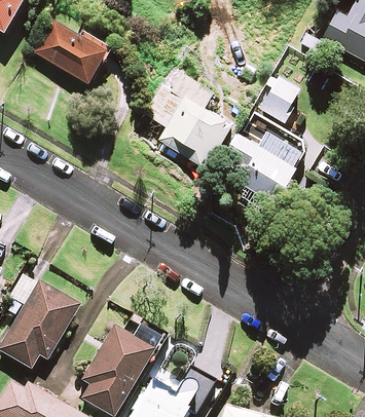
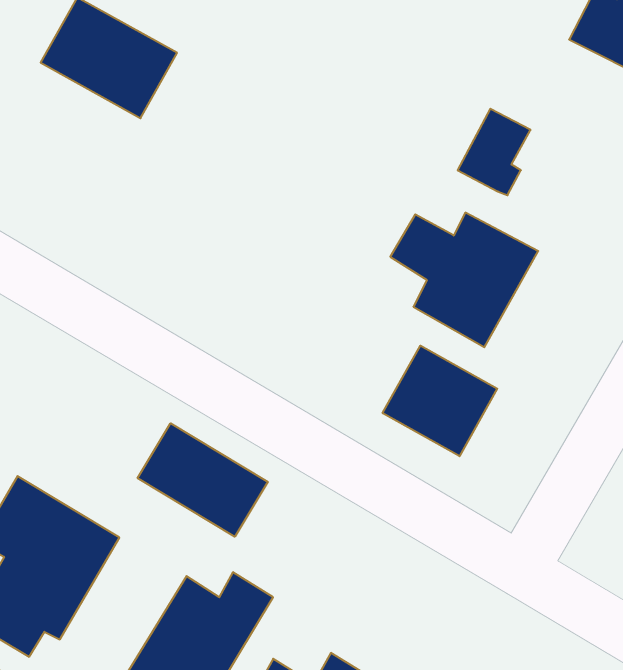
building: [151,71,232,169] -> none
building: none -> [383,346,497,456]
building: none -> [138,423,268,537]

